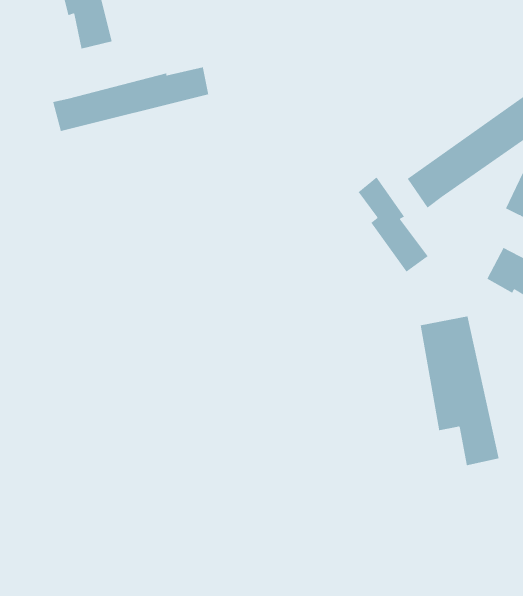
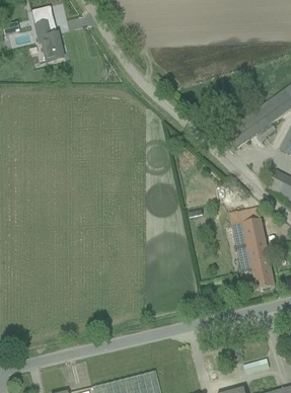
building: [52,66,209,132] -> none
building: [358,176,428,273] -> none

